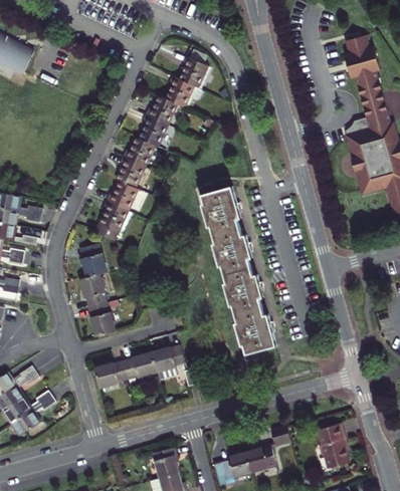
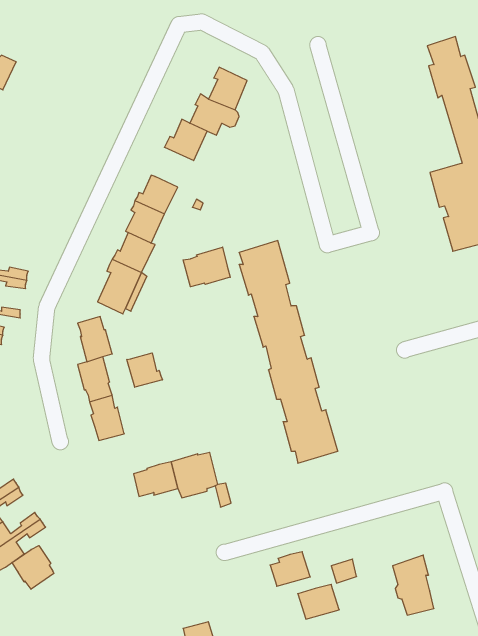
building: [138,116,167,148] -> none
building: none -> [183,247,230,287]
building: none -> [127,353,162,387]
building: [92,362,126,389] -> none
building: none -> [12,546,54,589]
building: [151,448,178,479] -> none
building: [221,453,251,479] -> [270,552,310,586]

